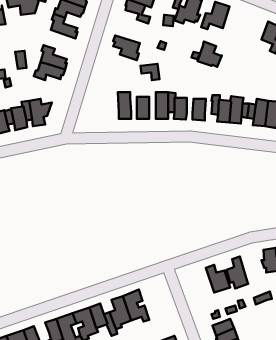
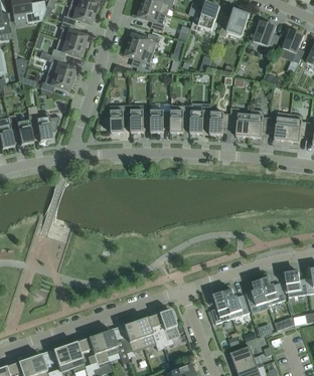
building: none -> [127,32,160,51]
building: none -> [50,37,85,57]
building: [197,41,222,67] -> [253,19,279,46]
building: none -> [103,104,124,132]
building: none -> [260,276,286,305]
building: none -> [211,291,232,323]
building: none -> [152,308,179,346]

